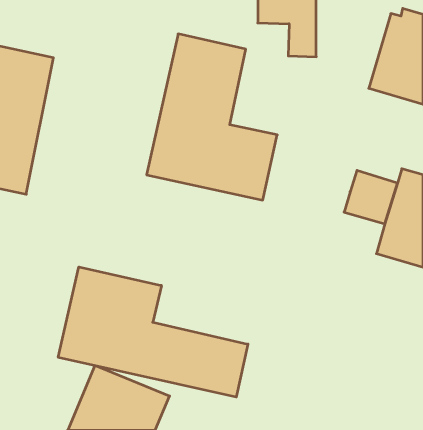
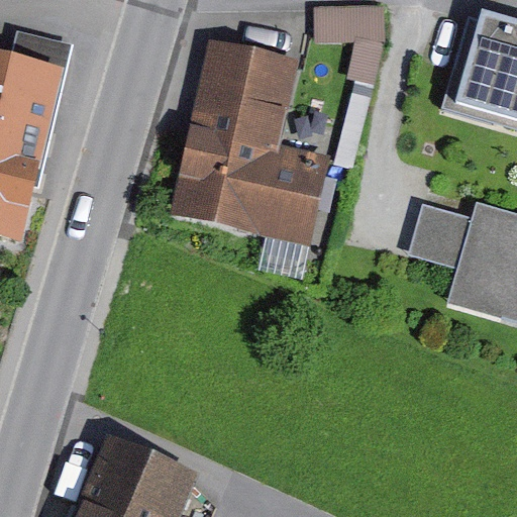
building: [58,267,248,397] -> none

